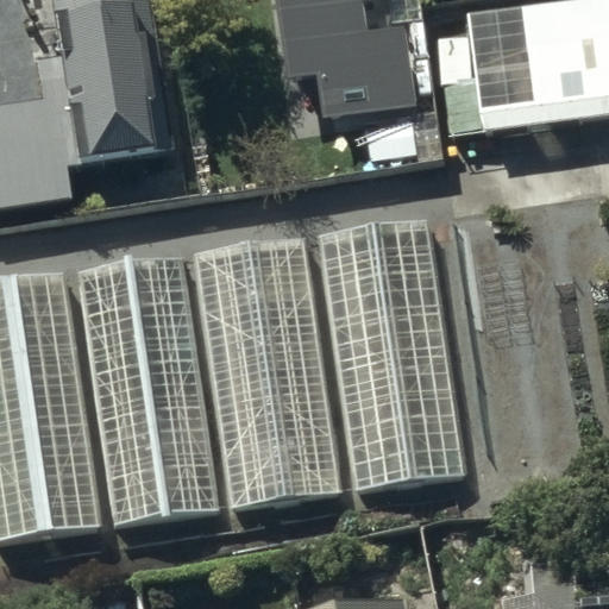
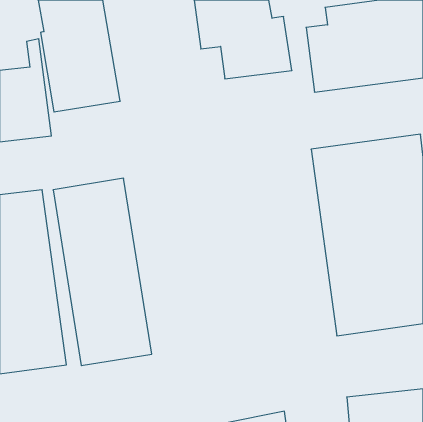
building: [319,222,464,492] -> none
building: [193,239,338,509] -> none

